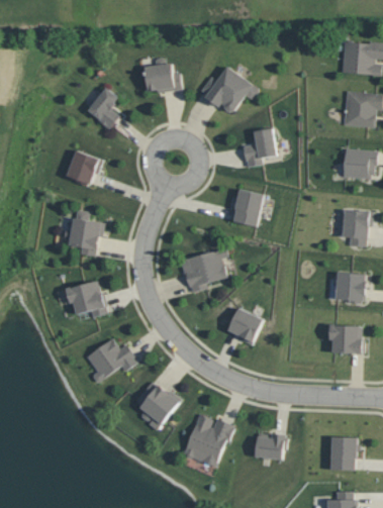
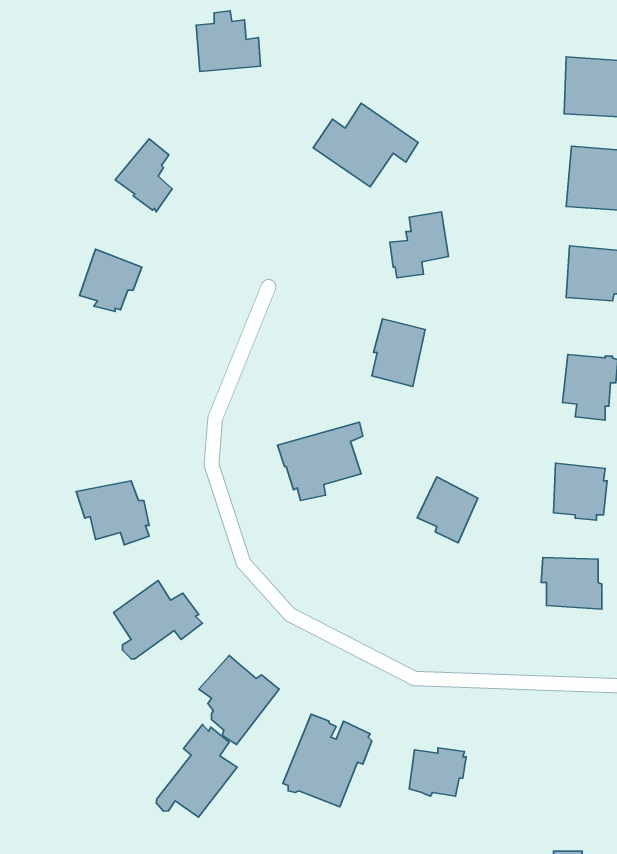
building: [145,58,181,92] -> [196,11,260,71]
building: [64,209,104,256] -> none
building: [227,307,262,344] -> [417,477,478,543]
building: none -> [156,724,237,817]
building: [329,436,359,470] -> none

